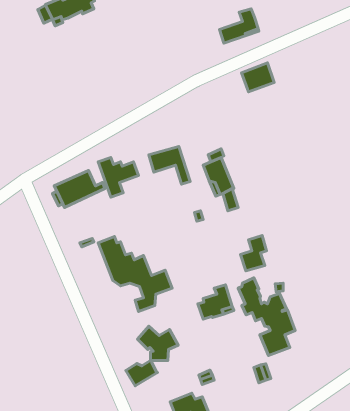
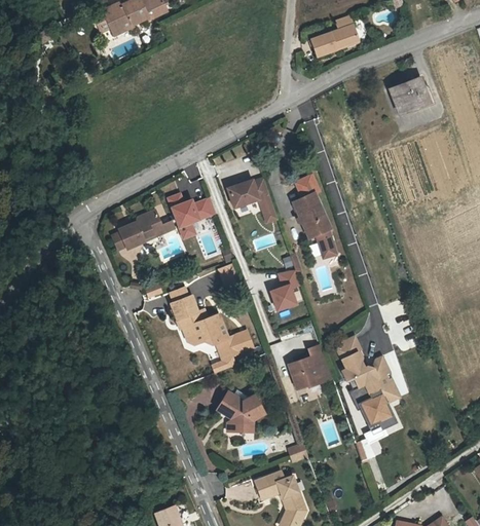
building: [242,63,274,92] -> [390,76,429,111]
building: [241,236,266,271] -> [269,268,300,310]
building: [126,361,157,386] -> none

